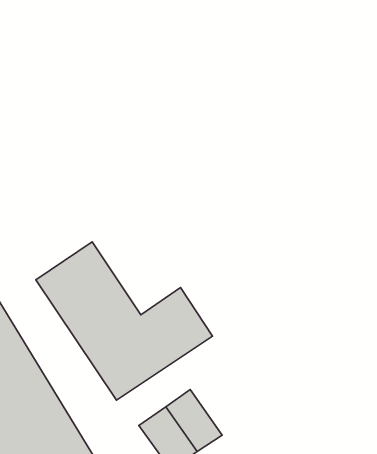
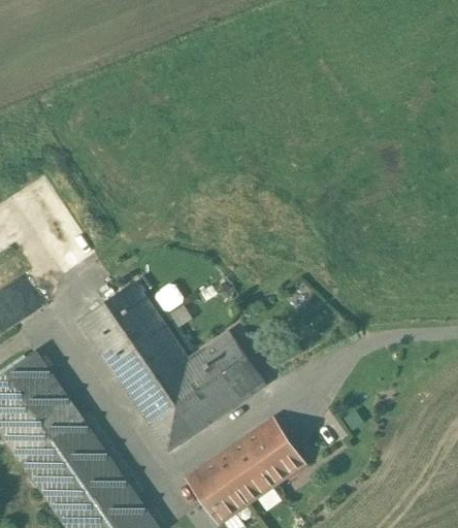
building: none -> [243,418,306,487]

